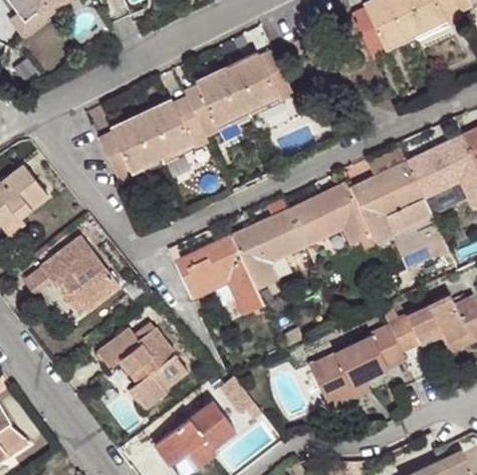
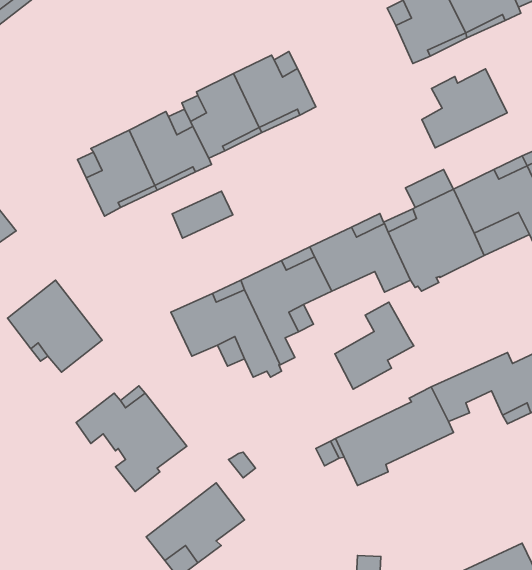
building: none -> [422,69,507,148]
building: none -> [172,191,233,238]
building: none -> [335,302,414,389]

